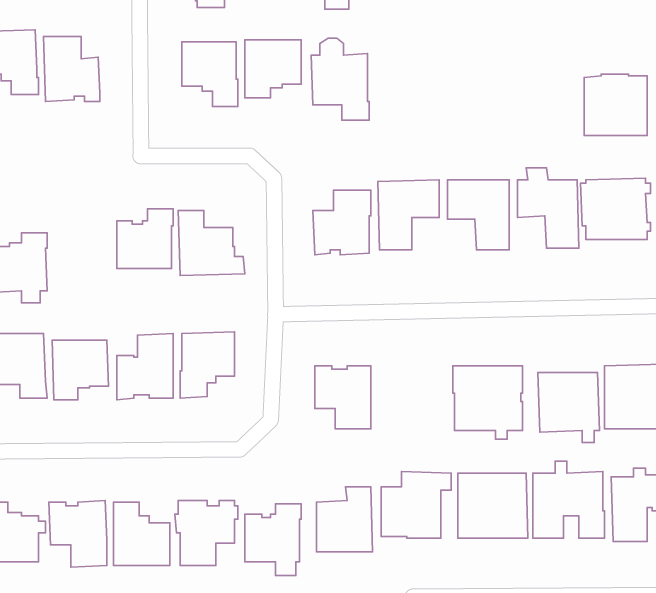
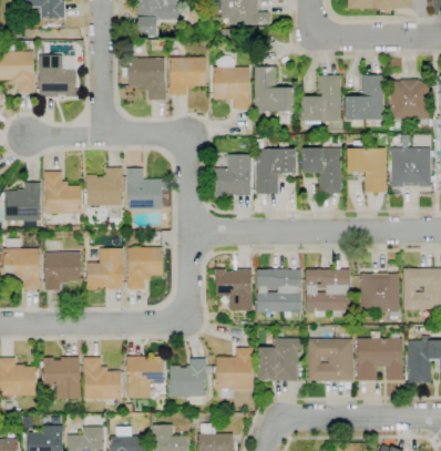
building: none -> [254,66,295,112]
building: none -> [300,75,340,122]
building: none -> [345,75,383,121]
building: none -> [43,172,82,214]
building: none -> [256,269,301,318]

